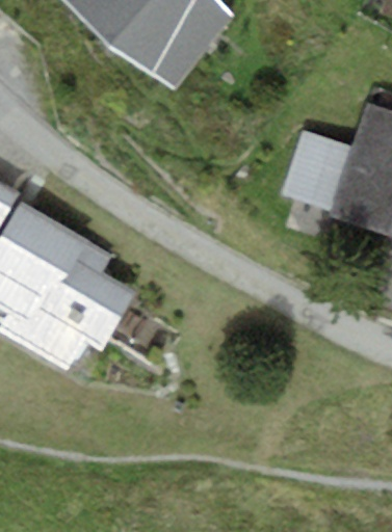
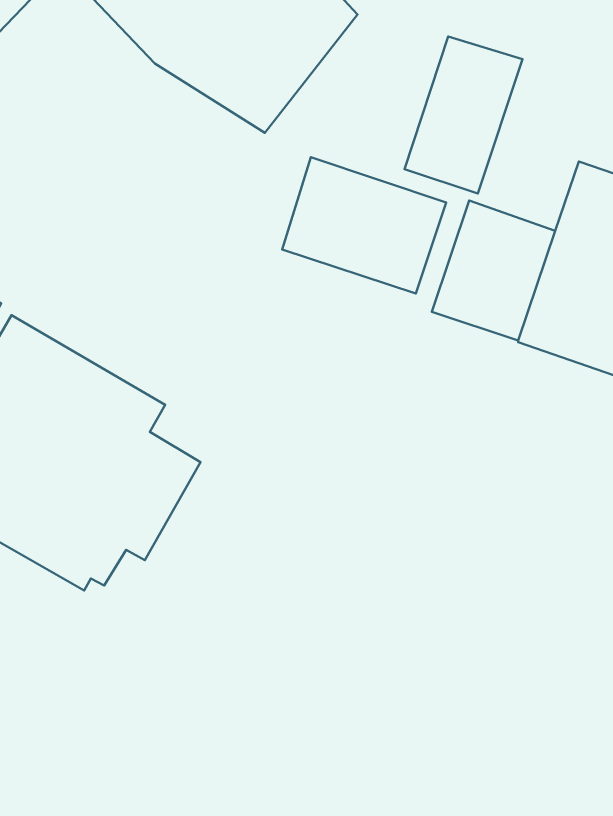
building: none -> [404,37,522,194]
building: none -> [282,157,446,294]

